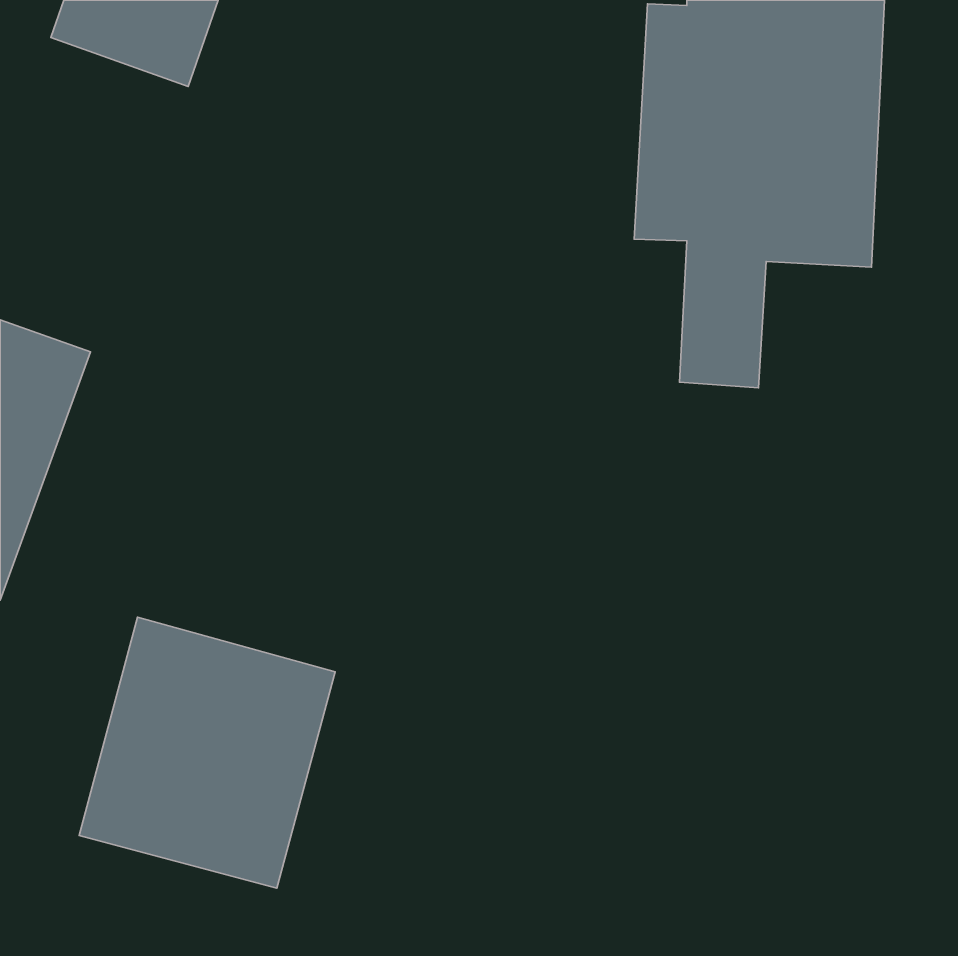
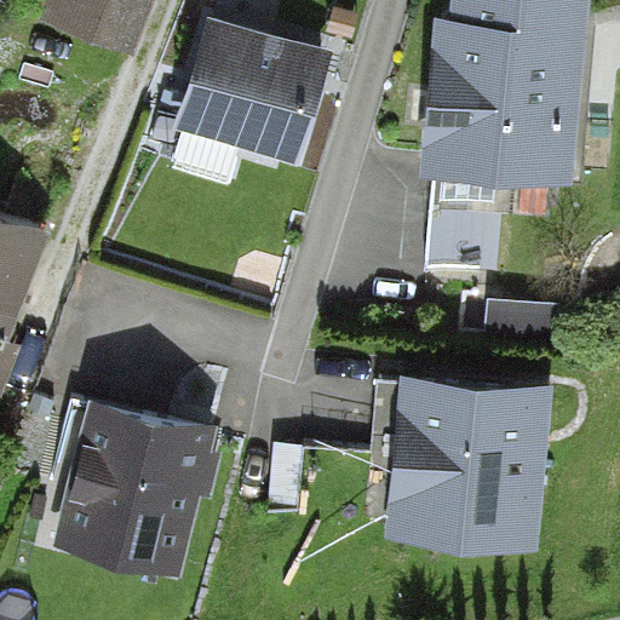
building: none -> [174,25,329,177]
building: none -> [392,374,547,532]

